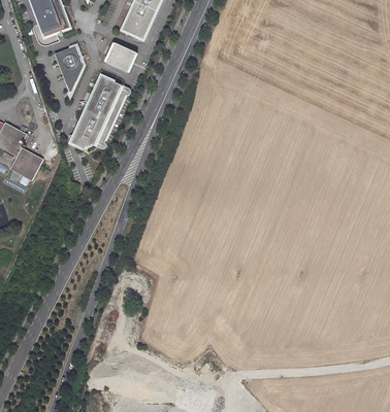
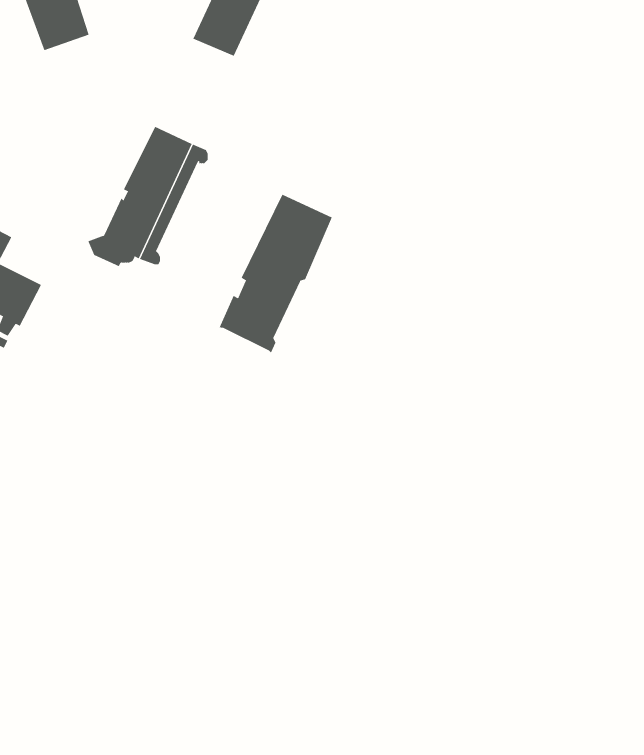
building: [105,42,136,72] -> none
building: [55,44,84,94] -> none
building: none -> [219,194,332,354]

